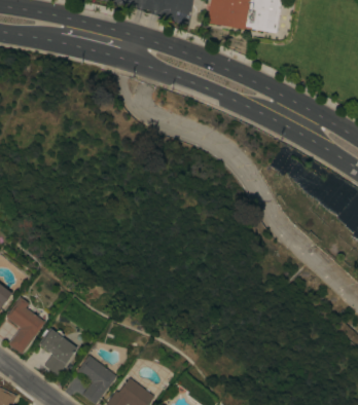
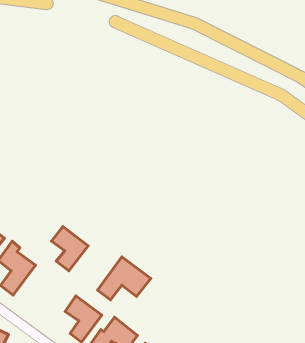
building: none -> [97,257,151,300]
building: [38,328,77,375] -> [51,227,88,271]

